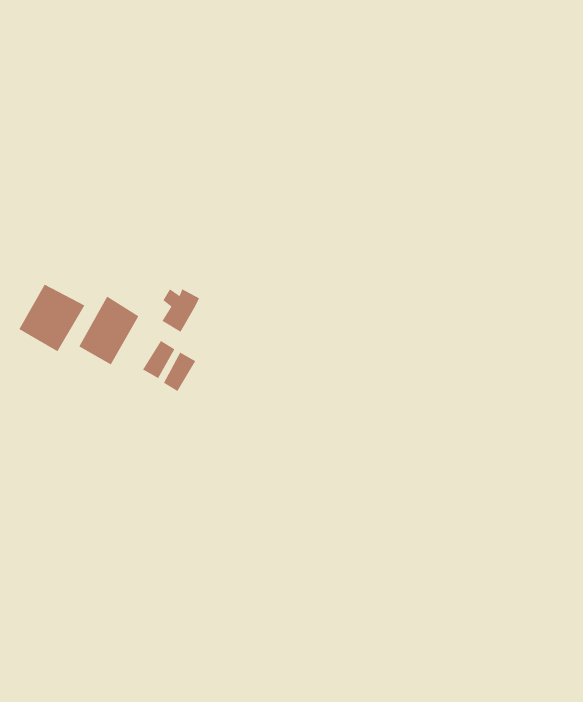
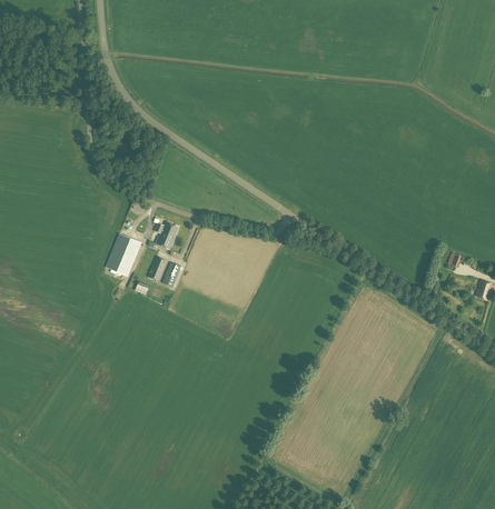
building: [18,284,85,352] -> none

